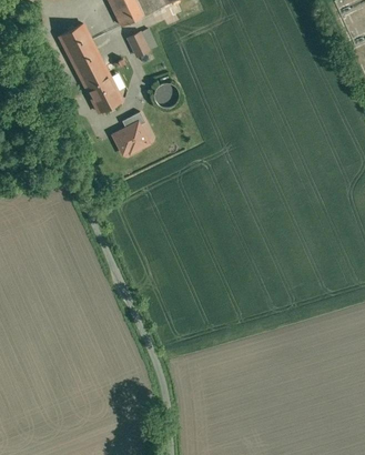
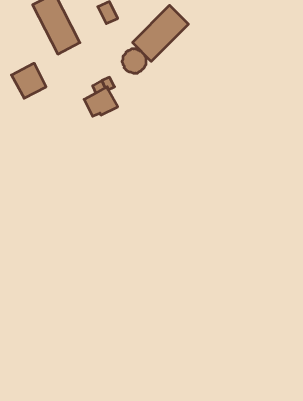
building: none -> [133,5,188,61]
building: [85,75,122,112] -> [11,64,46,98]

